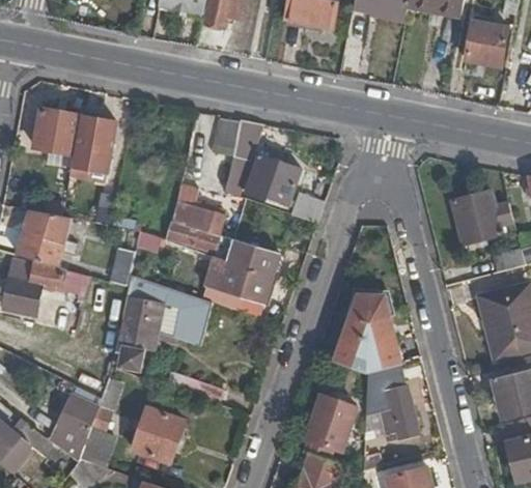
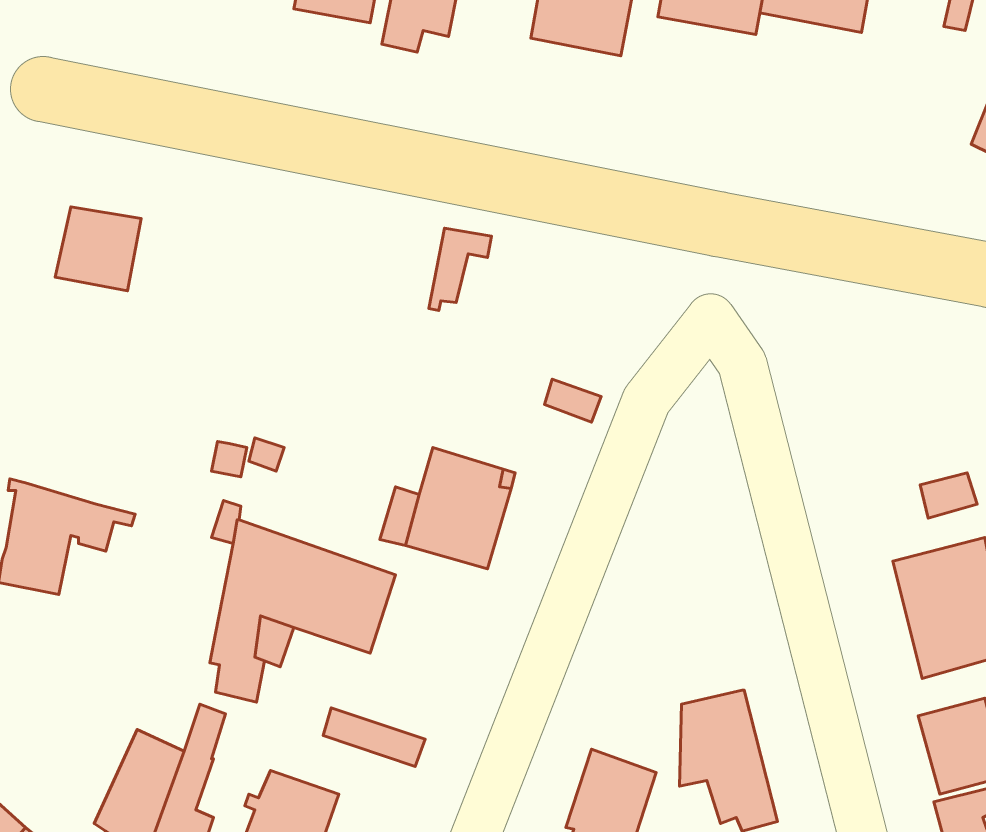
building: [467,23,509,68] -> none
building: [69,116,116,182] -> none
building: [247,156,301,206] -> none
building: [451,194,511,246] -> none
building: [169,201,225,251] -> none
building: [19,209,72,267] -> none
building: [333,294,398,373] -> none

